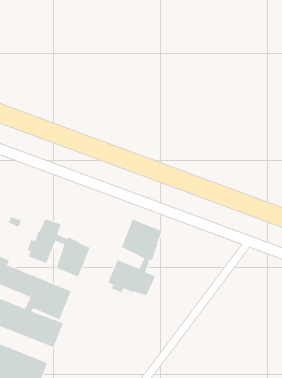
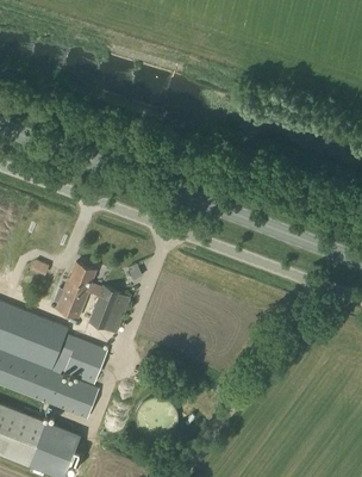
building: [108,219,162,296] -> none

